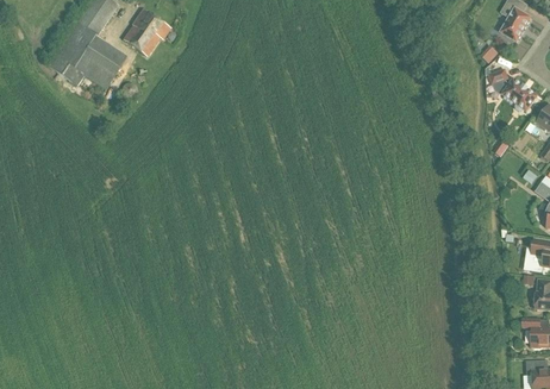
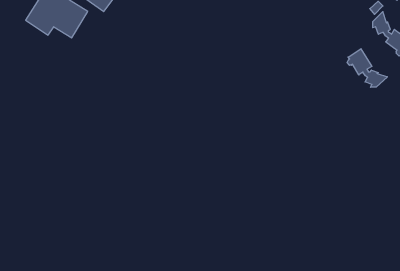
building: none -> [347,49,387,87]

